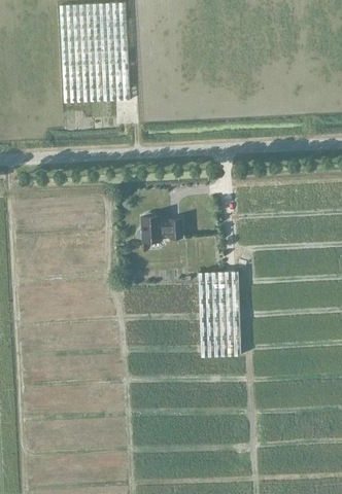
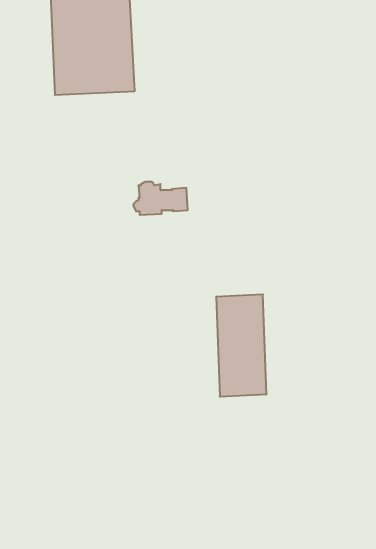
building: [136,213,181,241] -> [133,182,188,215]

